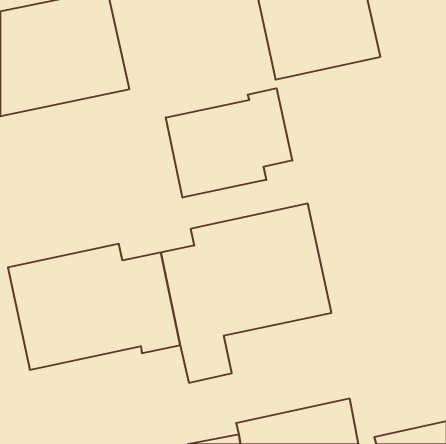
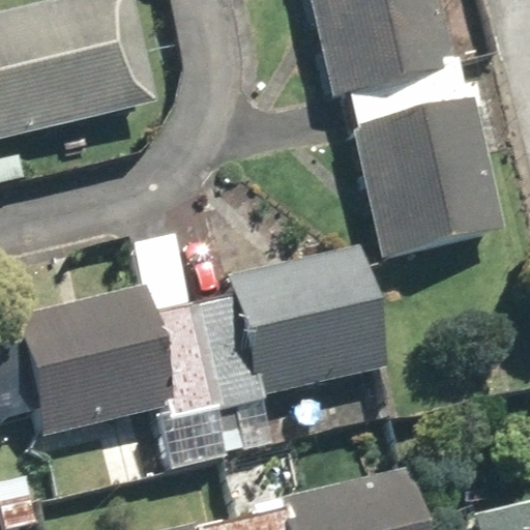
building: none -> [346,65,500,253]
building: [166,88,292,198] -> none

